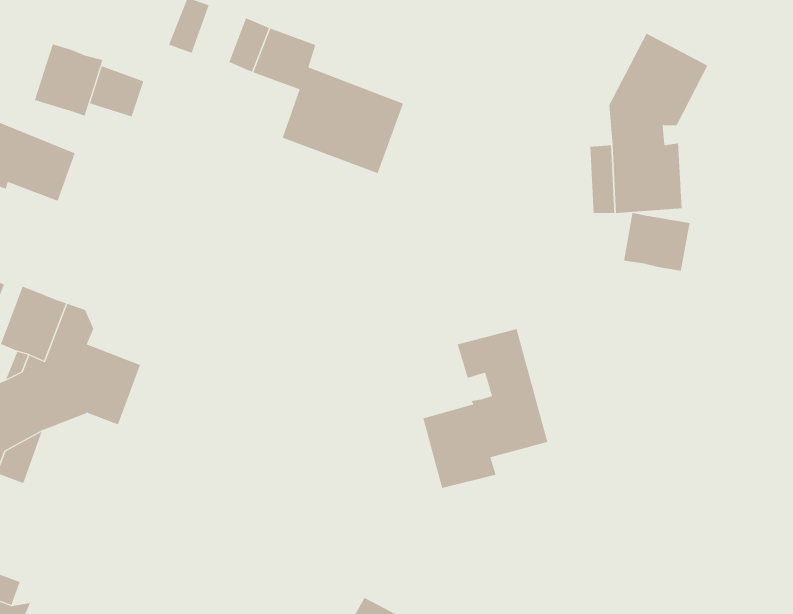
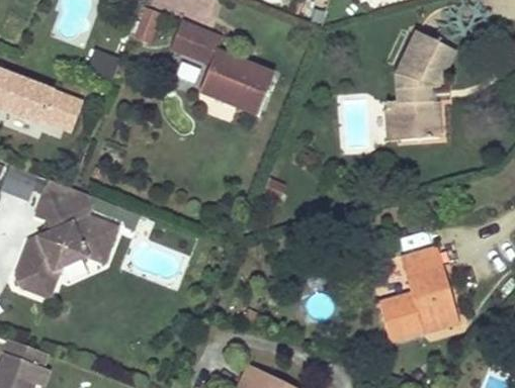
building: [34,44,103,117] -> none
building: [623,212,690,272] -> none
building: [423,329,548,489] -> [380,248,454,342]

